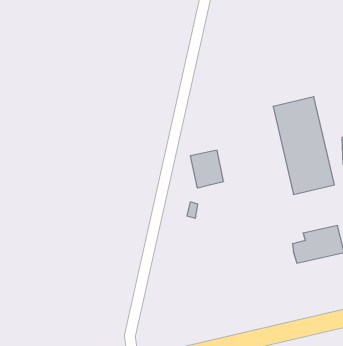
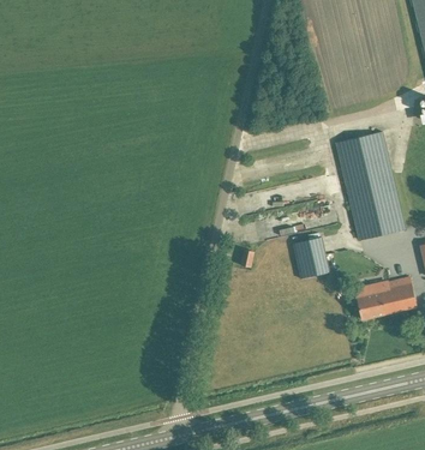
building: [190,150,224,188] -> [292,238,329,280]

